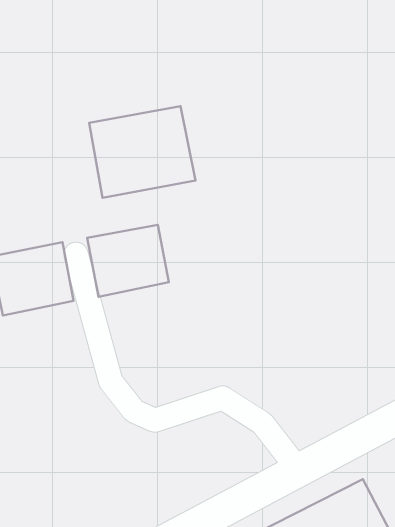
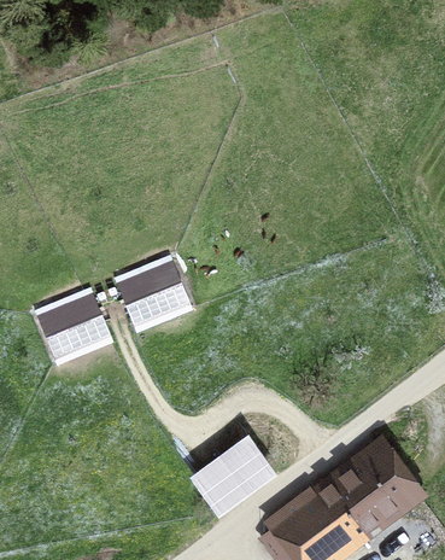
building: [89,106,195,198] -> none
building: none -> [198,441,271,508]

